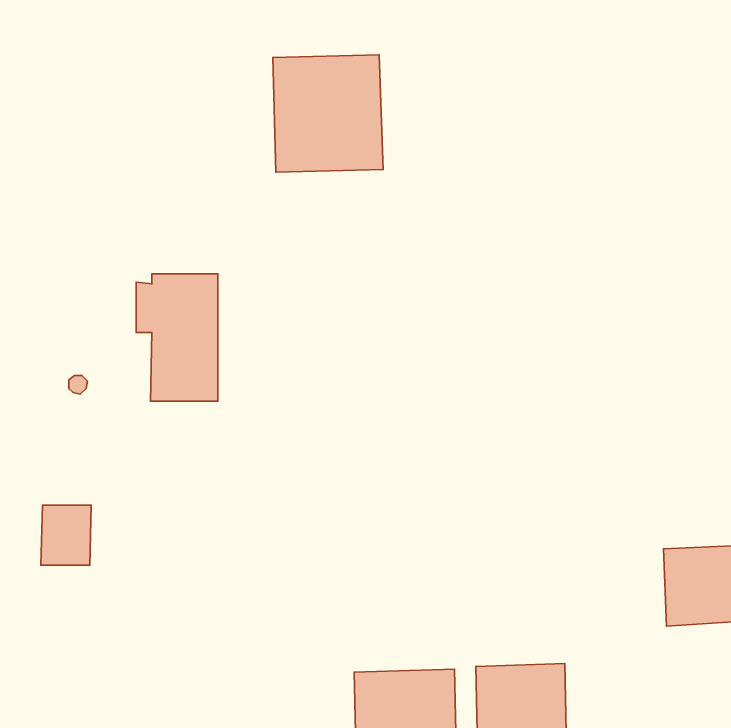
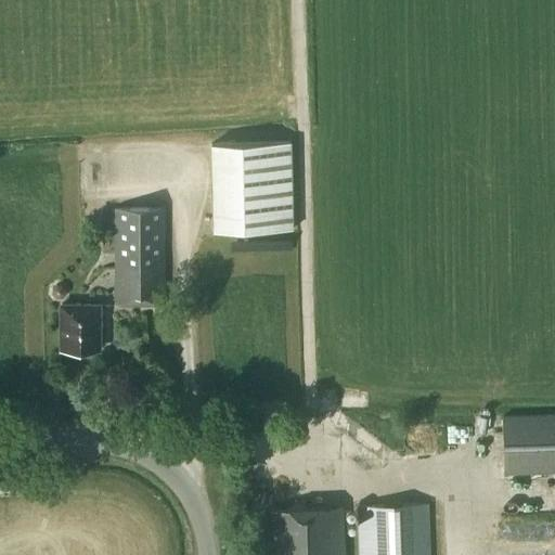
building: [273,55,383,172] -> [211,144,295,233]
building: [41,505,91,565] -> [63,307,101,352]

